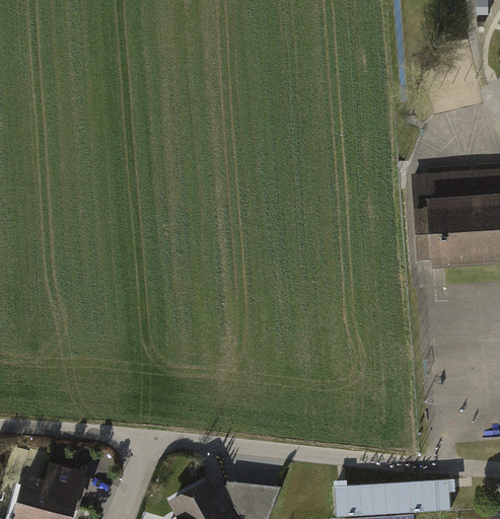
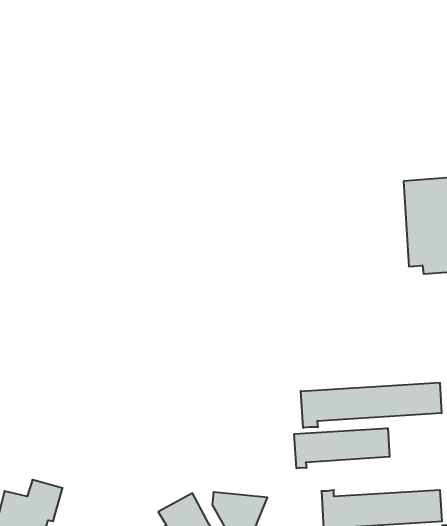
building: none -> [301,383,442,428]
building: none -> [294,428,389,468]

